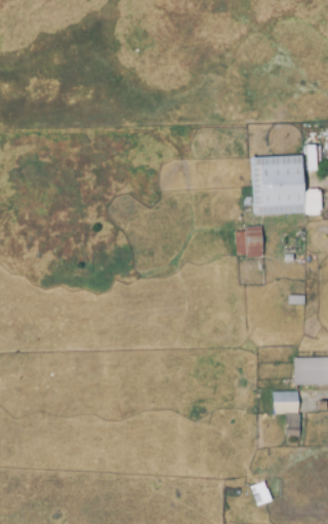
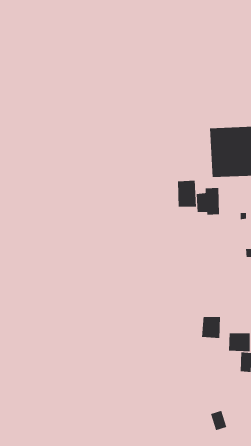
building: none -> [178,180,196,207]
building: none -> [201,316,221,339]

